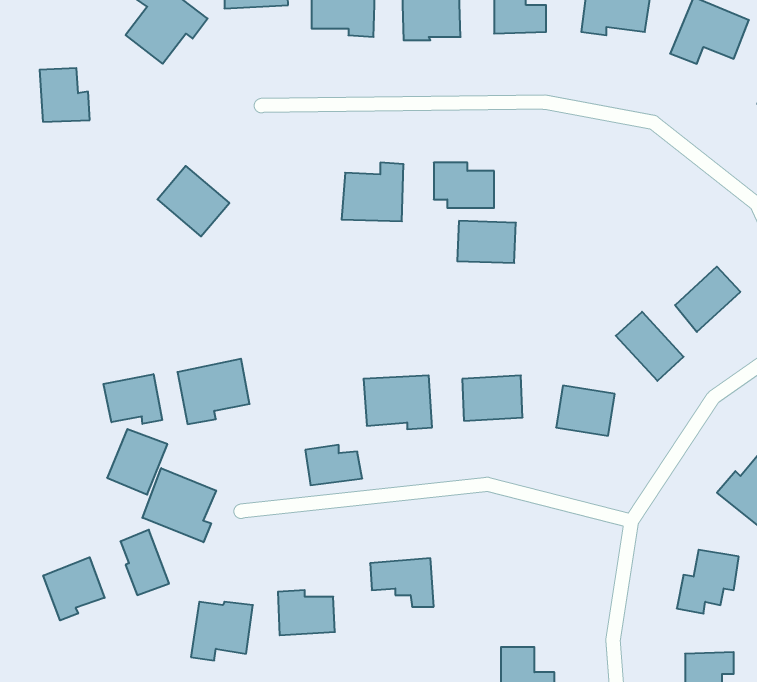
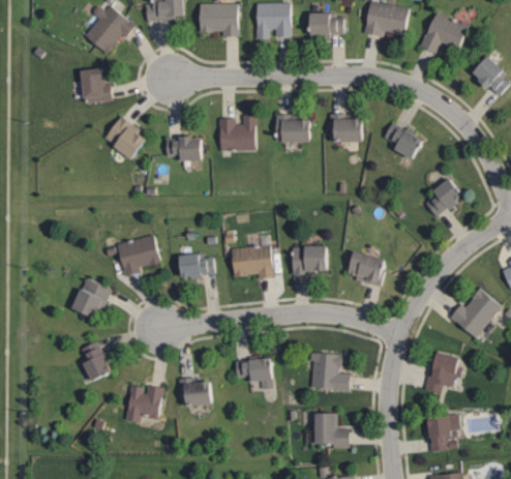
building: [40,68,90,122] -> [81,69,112,102]
building: none -> [381,122,423,158]
building: none -> [166,138,203,161]
building: [457,221,516,263] -> [328,117,364,143]
building: [616,312,684,381] -> none
building: [103,374,162,424] -> none
building: [305,445,362,485] -> [180,253,215,278]
building: [142,468,216,542] -> none
building: none -> [310,353,350,391]
building: [43,557,105,620] -> none

